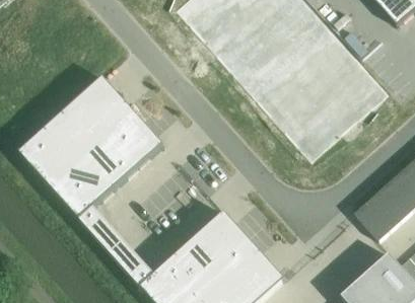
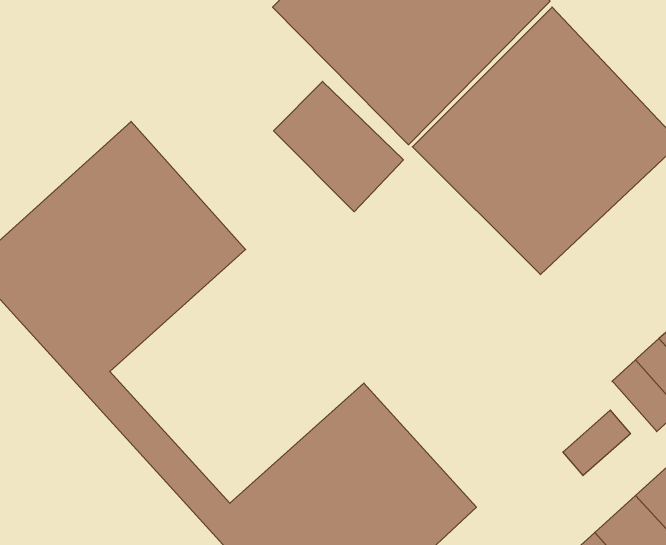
building: none -> [274,81,403,212]
building: none -> [563,410,630,476]

